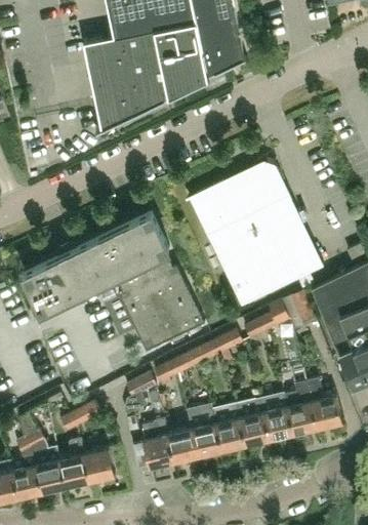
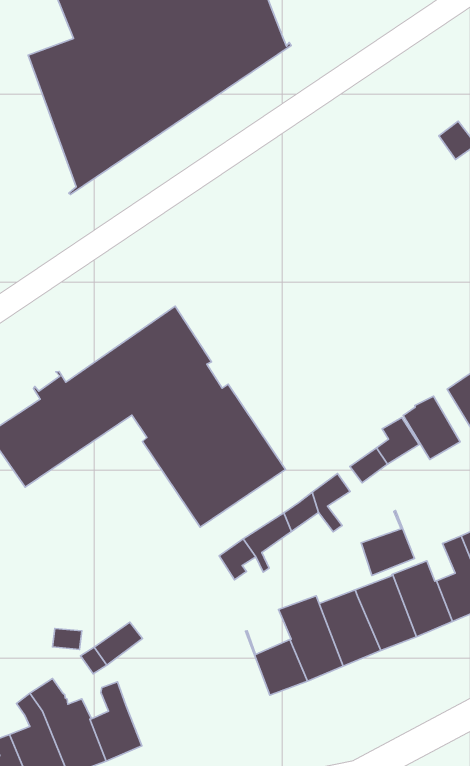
building: [189,161,323,305] -> none
building: none -> [361,510,414,576]
building: [124,373,158,413] -> none
building: [144,419,174,468] -> none
building: [84,448,115,481] -> none

